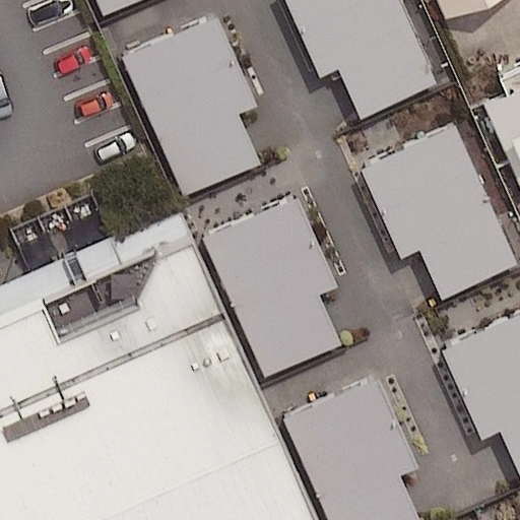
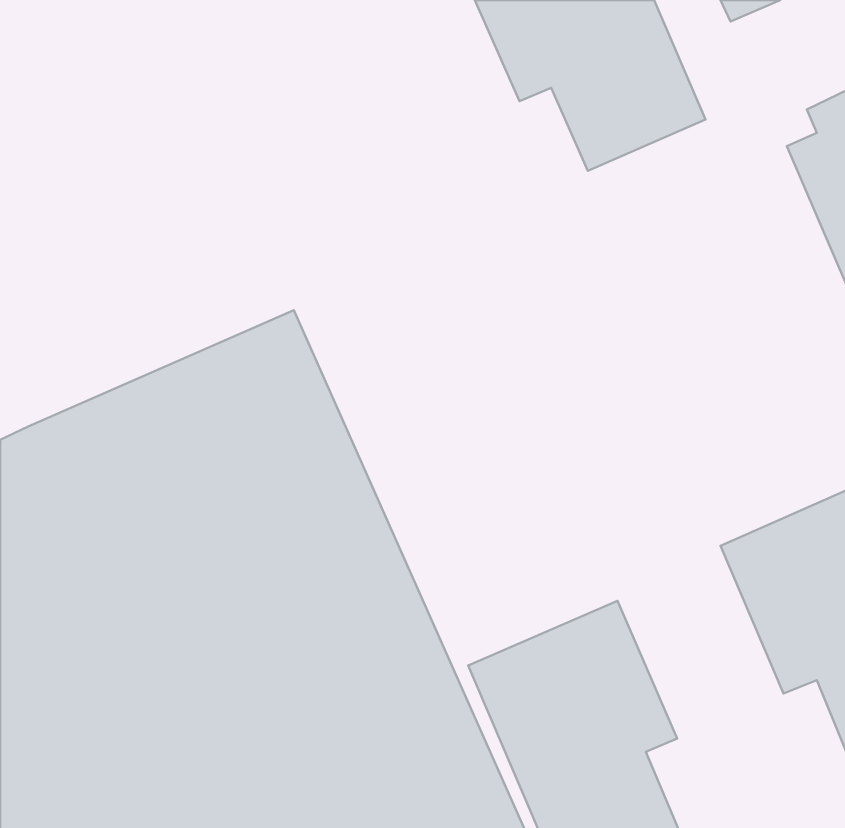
building: [124,17,259,196] -> none
building: [363,129,513,297] -> none
building: [201,194,338,377] -> none

